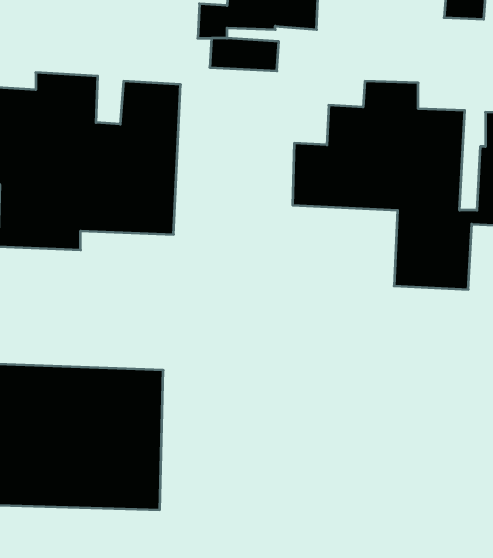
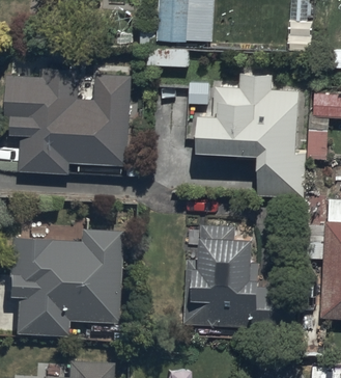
building: none -> [184,224,295,326]

